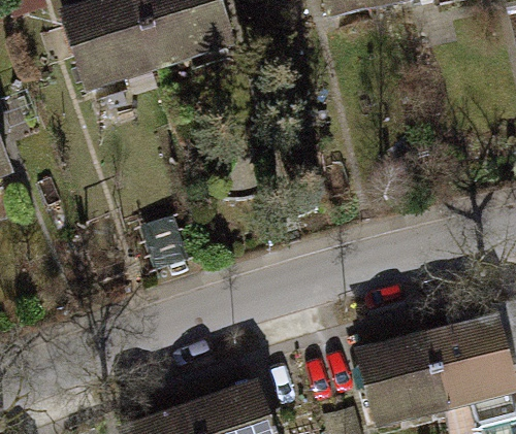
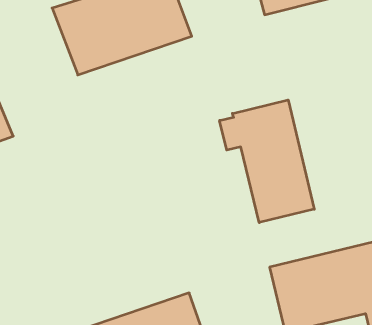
building: none -> [220,100,314,223]

